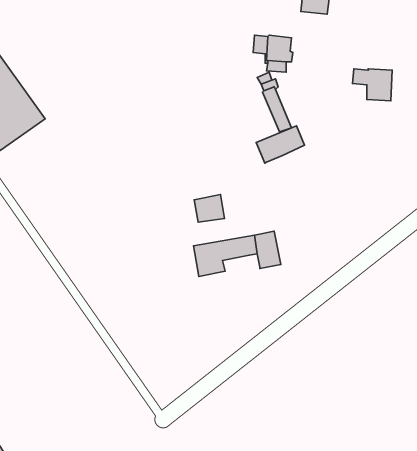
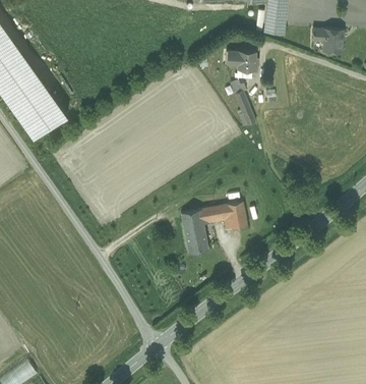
building: [352,69,392,101] -> [312,31,343,55]
building: [256,126,304,163] -> none
building: [194,195,225,222] -> [185,234,208,256]

